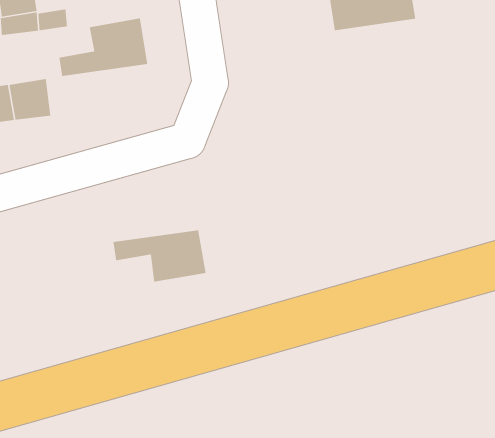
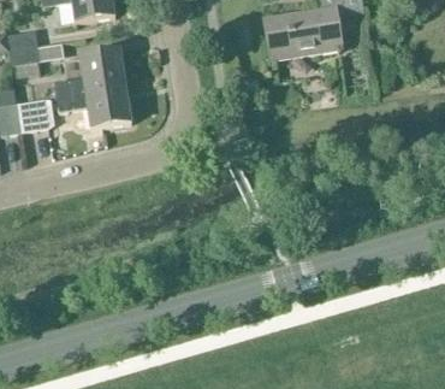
building: [112,229,206,282] -> [57,87,131,129]

